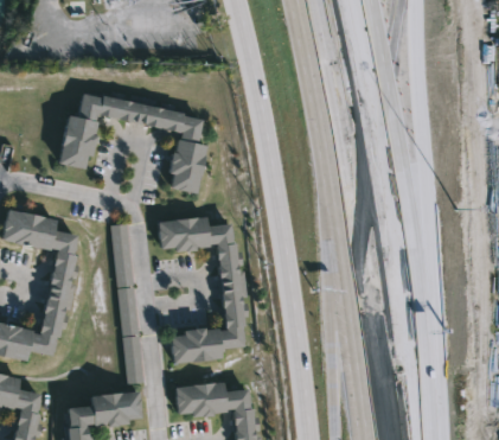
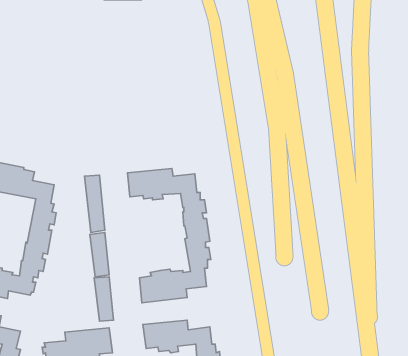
building: [58,93,207,193] -> none

